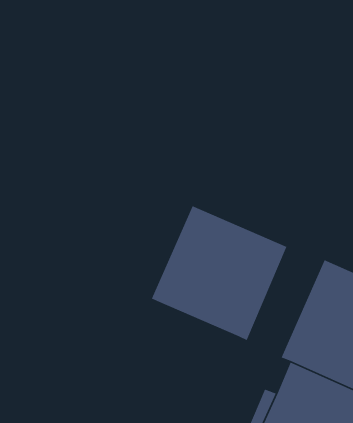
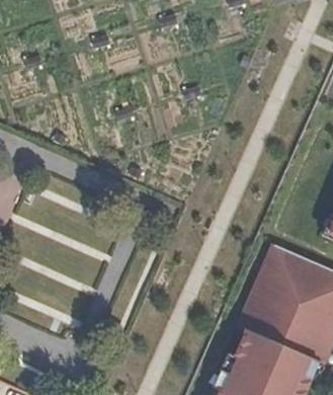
building: [151,205,287,341] -> none

